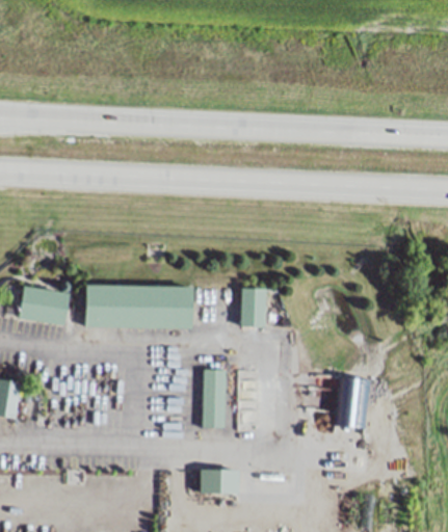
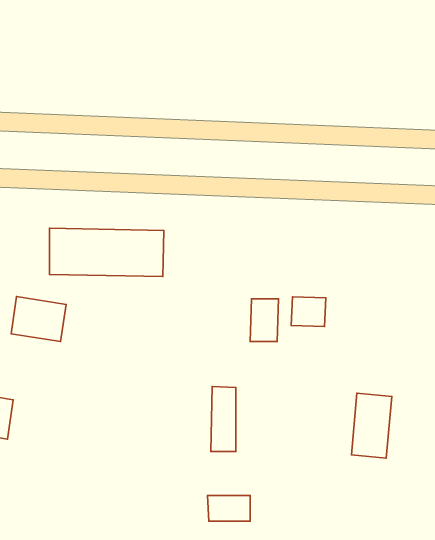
building: [86,284,192,328] -> [49,228,164,277]
building: none -> [291,297,326,326]

